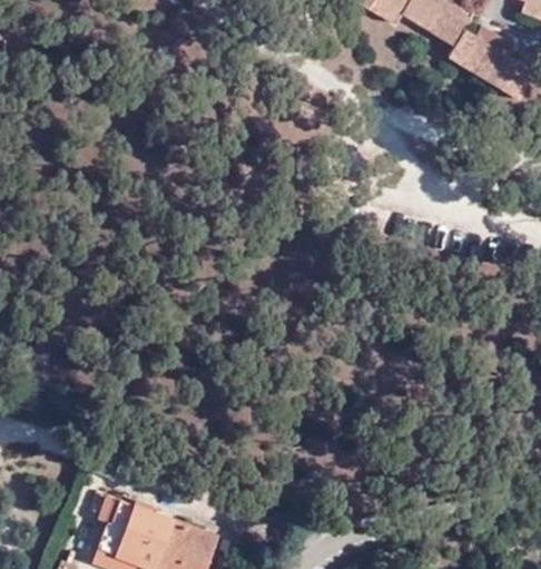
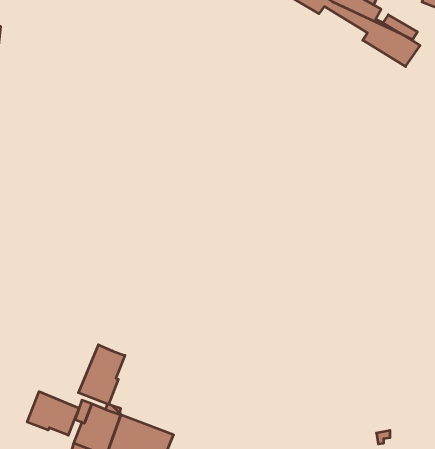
building: none -> [78,345,125,404]
building: none -> [27,392,79,435]

